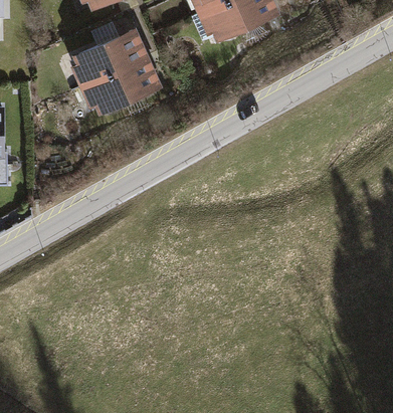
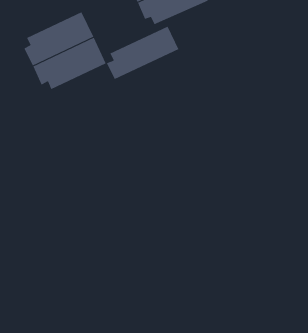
building: none -> [106,26,179,80]

